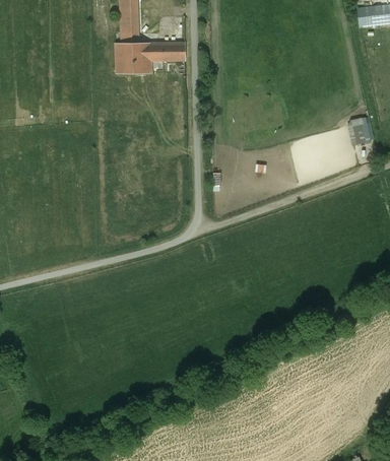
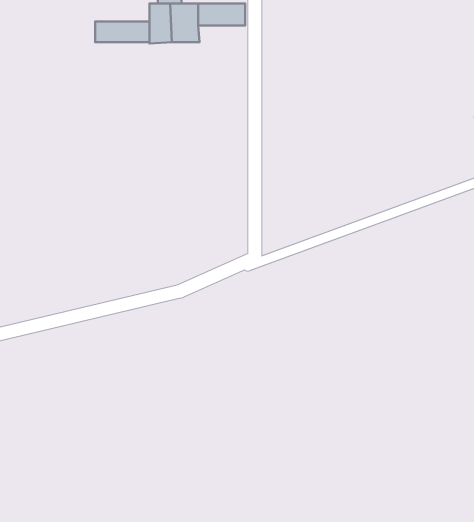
building: none -> [95,22,150,42]

